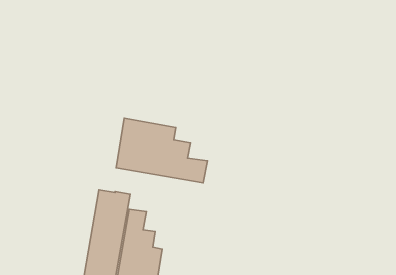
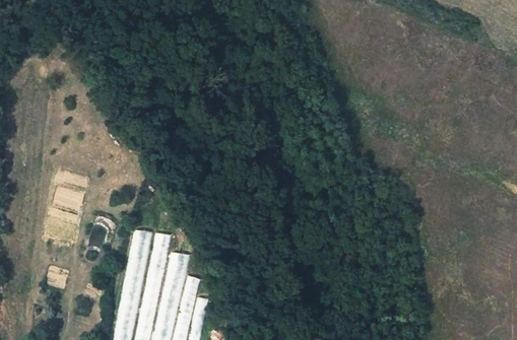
building: [116,118,207,183] -> none

